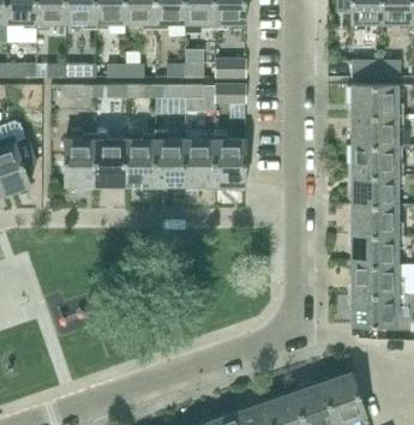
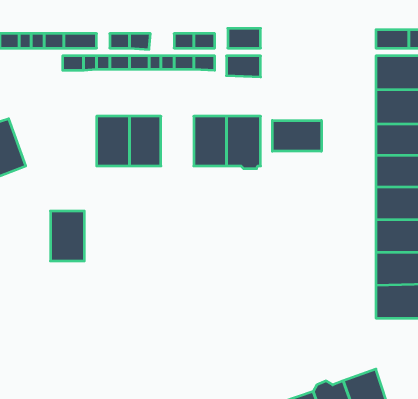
building: [65,140,96,186] -> [50,211,84,261]
building: [155,140,185,186] -> none
building: none -> [272,120,321,151]

